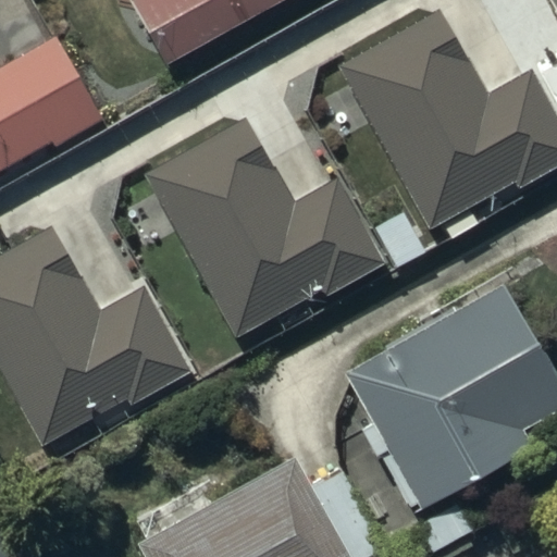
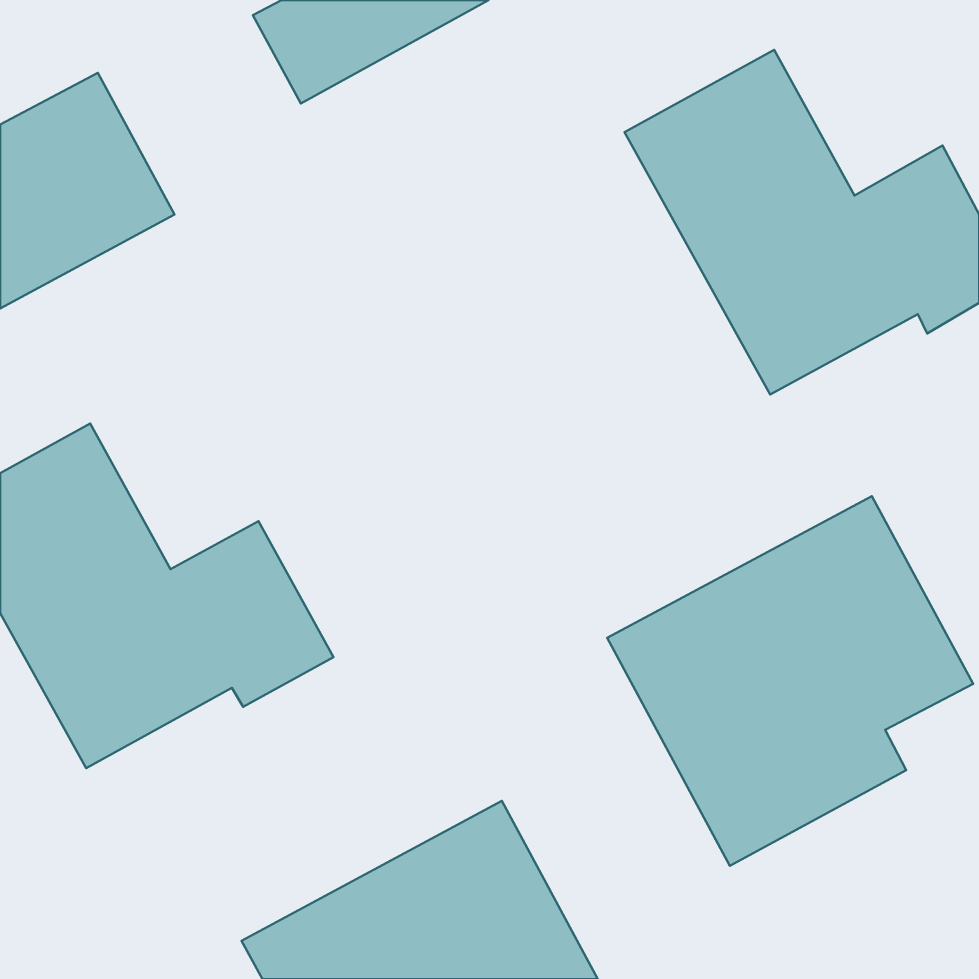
building: [161,139,384,335] -> none

